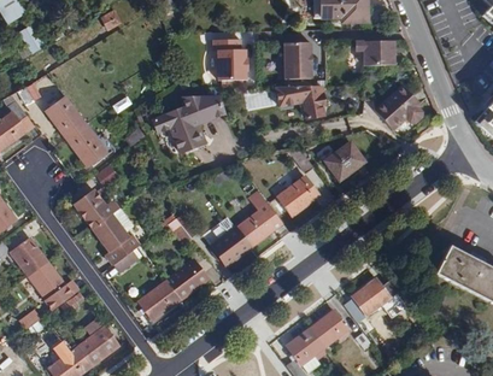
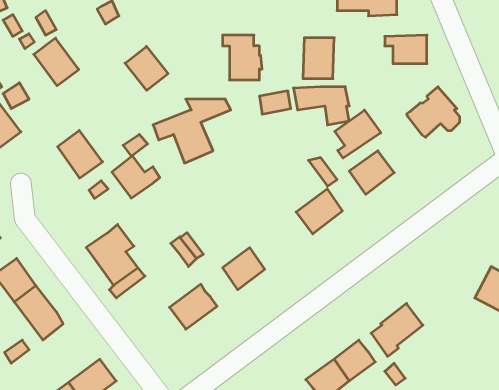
building: none -> [125,46,168,90]
building: [47,95,87,137] -> [34,38,79,86]
building: none -> [335,110,381,158]
building: [76,189,118,227] -> [112,156,160,198]
building: [237,202,283,246] -> none
building: [139,280,181,319] -> none

